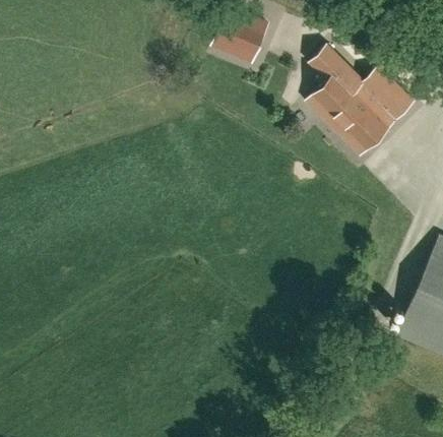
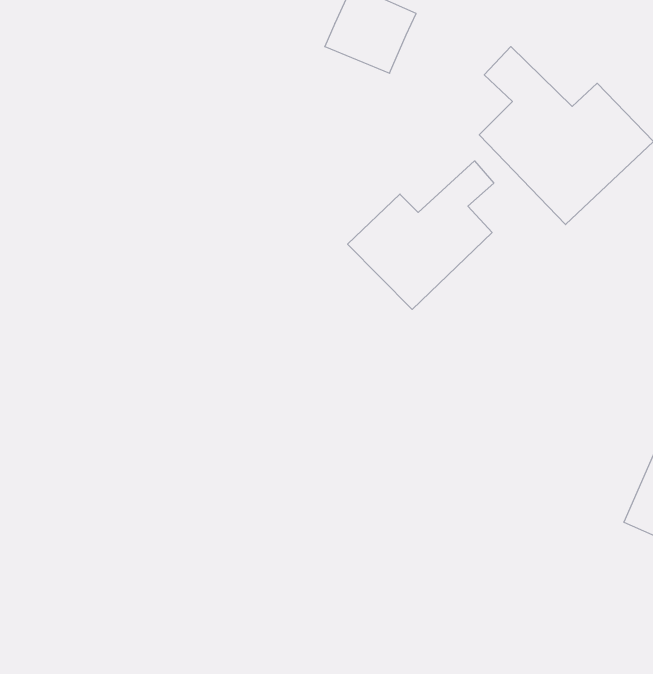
building: none -> [348,161,494,309]

